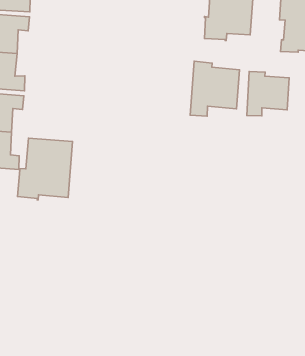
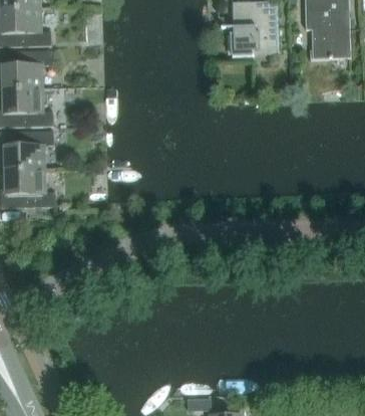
building: [190,61,240,116] -> none
building: [247,71,289,116] -> none
building: [17,138,72,200] -> none

